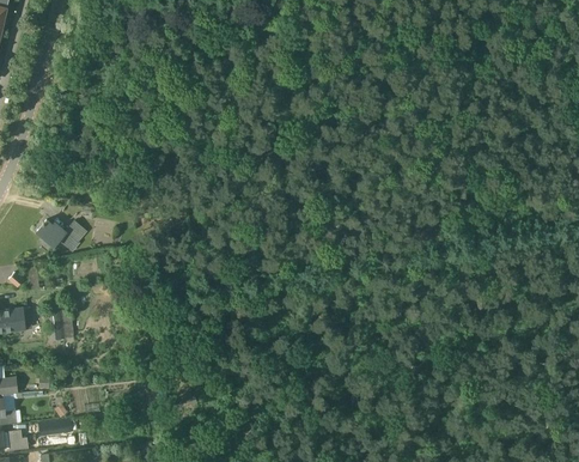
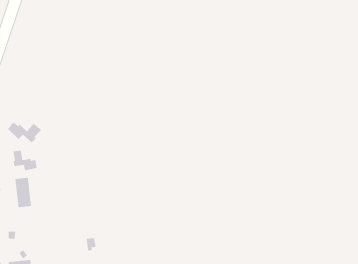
building: none -> [13,150,37,171]

